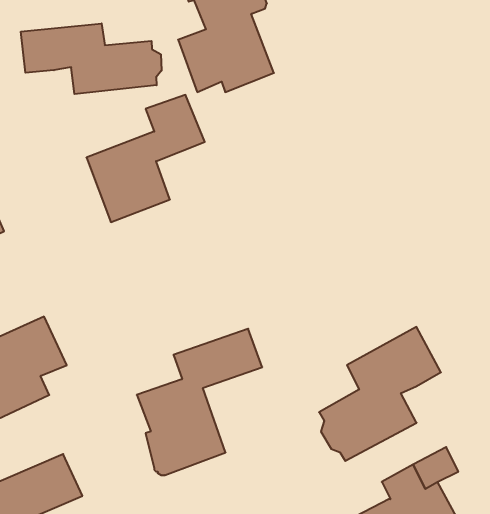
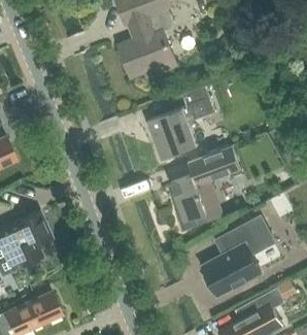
building: [21,23,162,94] -> none
building: [86,95,205,222] -> [146,85,216,160]
building: [137,329,262,475] -> [169,144,243,231]

